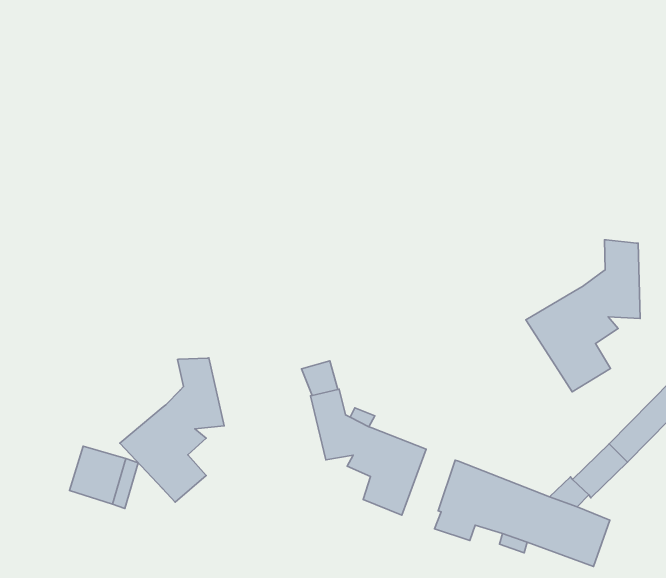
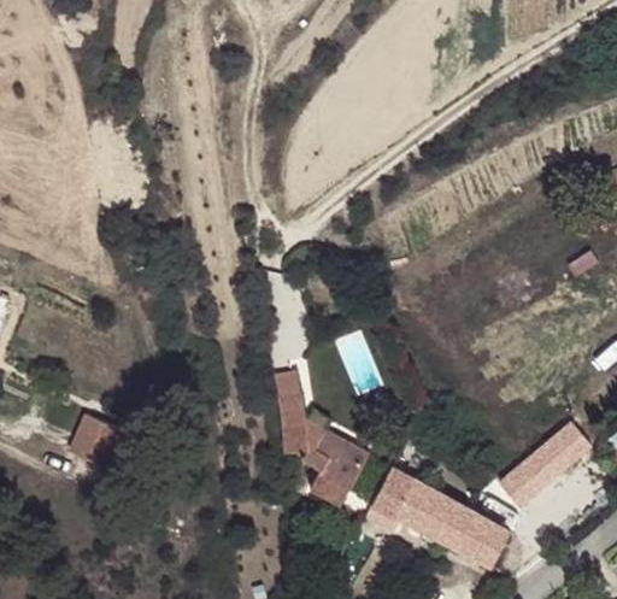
building: [526,240,640,392] -> none
building: [120,358,224,502] -> none

